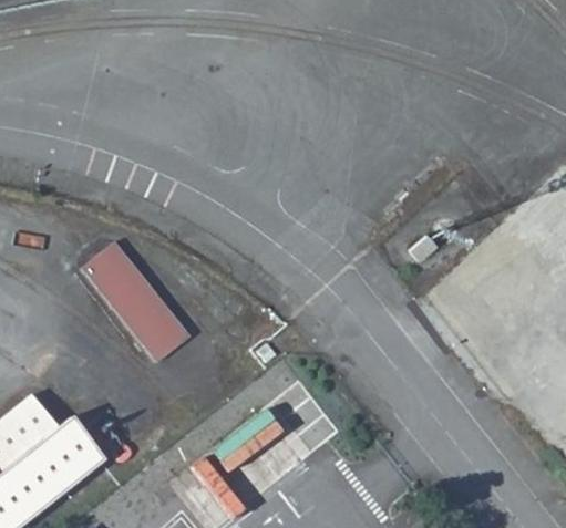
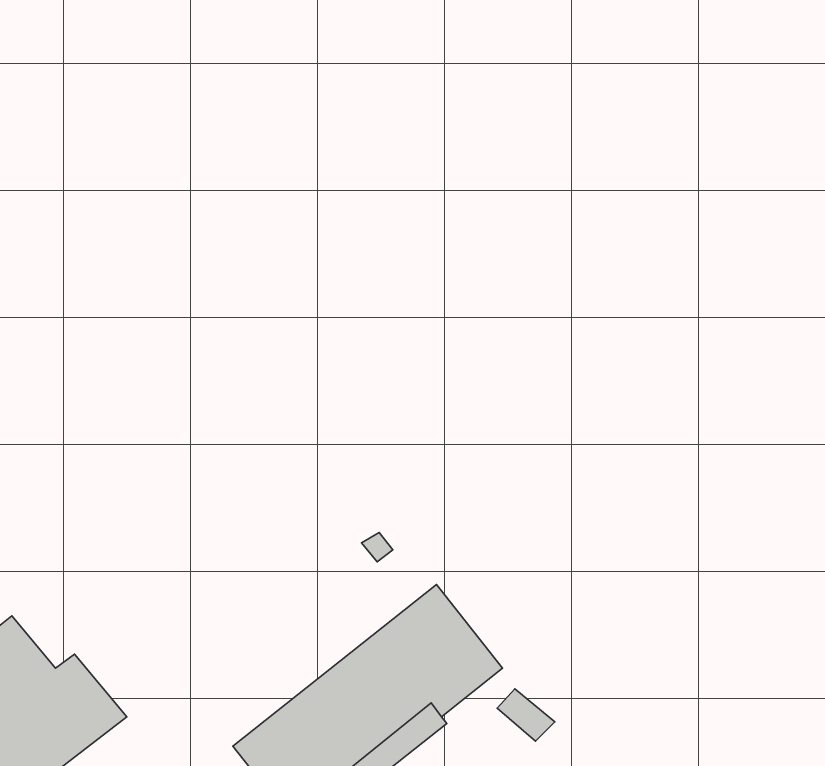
building: [83,245,187,360] -> none

